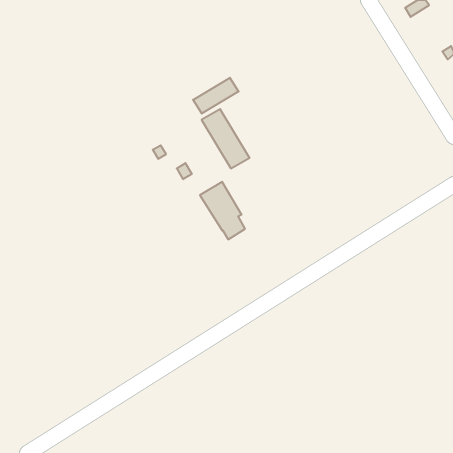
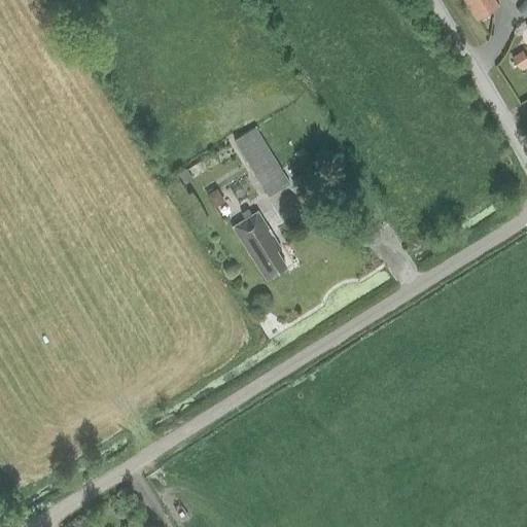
building: [193,78,239,114] -> none

